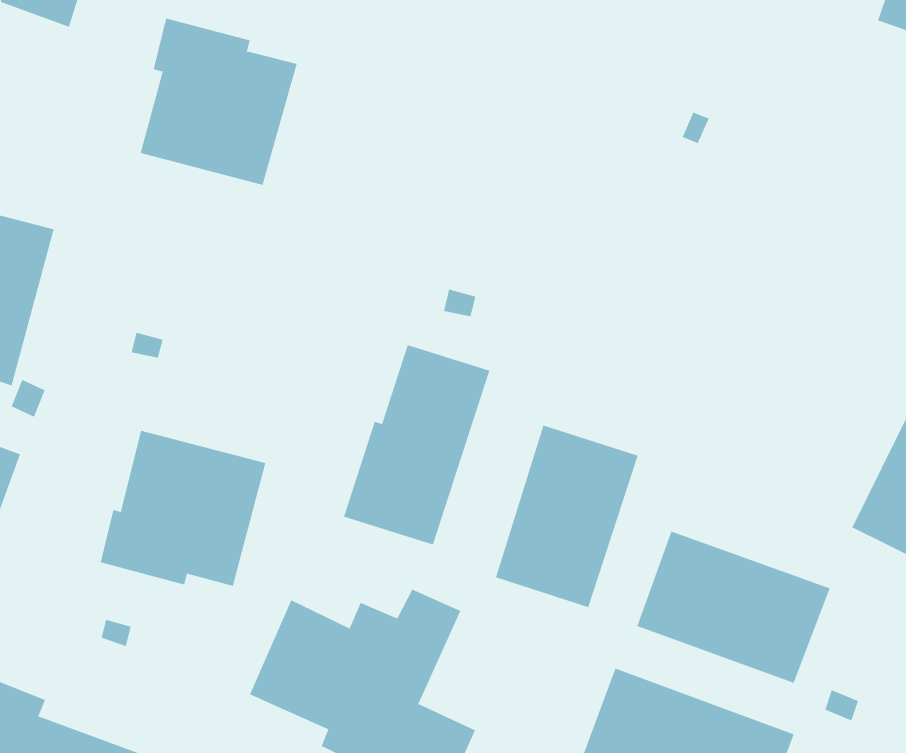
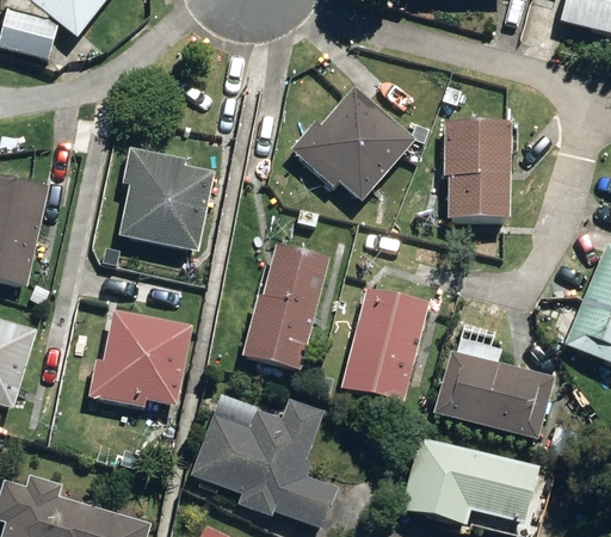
building: [140,18,298,186] -> [117,147,214,249]
building: none -> [291,87,414,200]
building: none -> [443,121,510,220]

